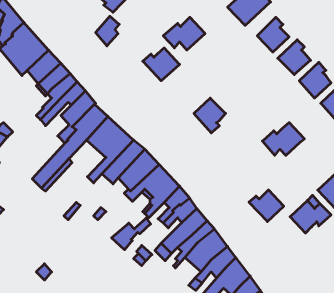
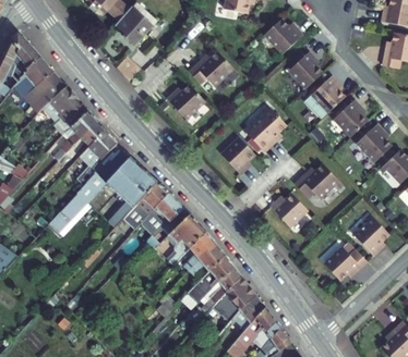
building: none -> [244,108,286,151]
building: [249,190,284,222] -> [269,193,307,226]
building: [112,218,151,250] -> none

